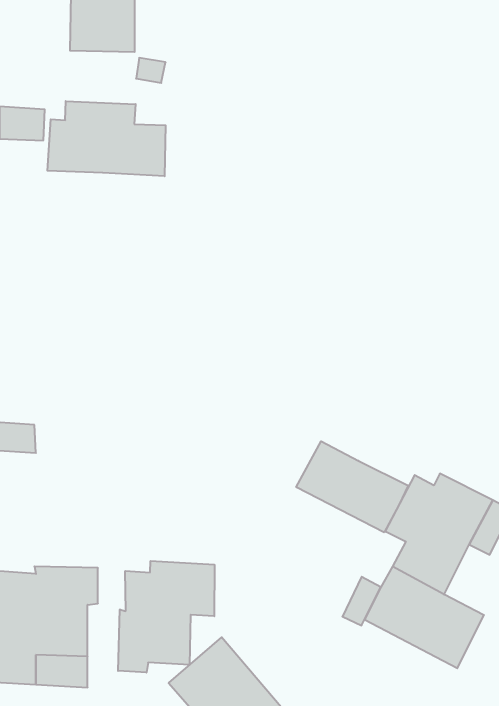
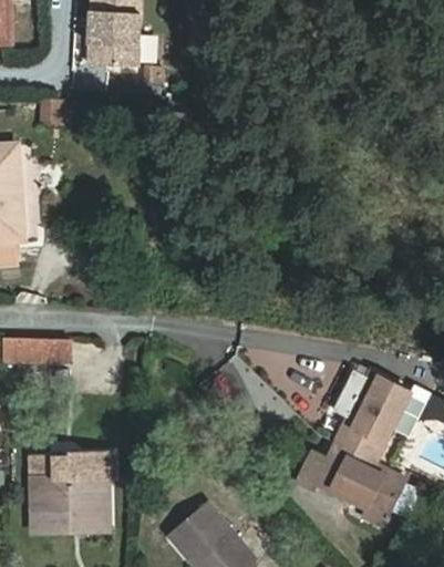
building: [47,101,166,176] -> none
building: [296,441,408,532] -> none
building: [118,561,214,673] -> none

